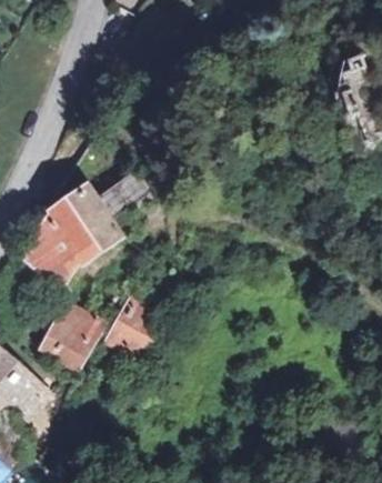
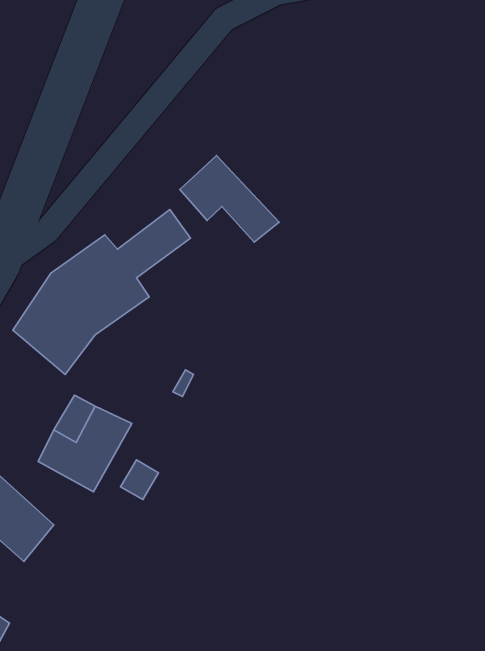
building: none -> [180,156,279,242]
building: [108,301,160,356] -> none

